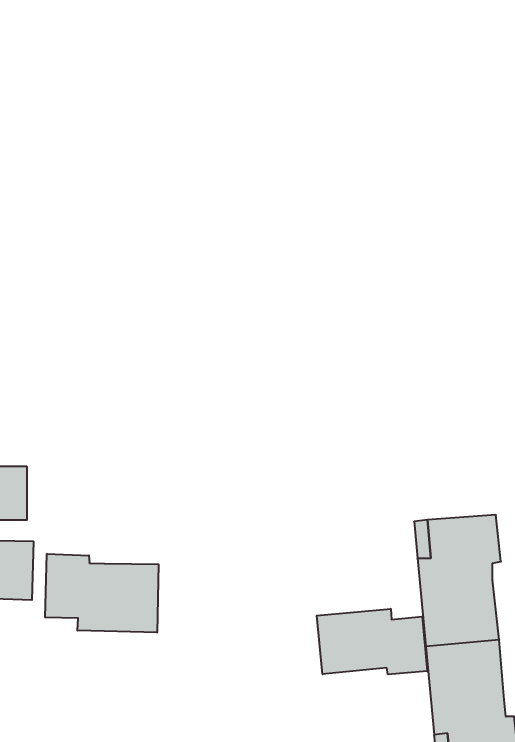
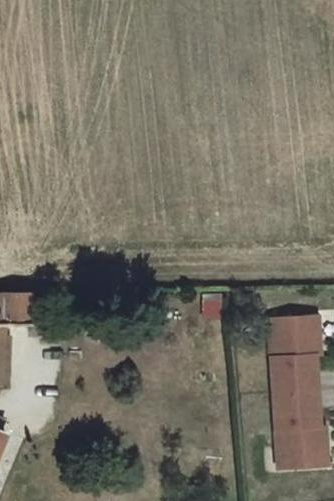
building: [45,554,159,633] -> none
building: [317,609,427,674] -> none

